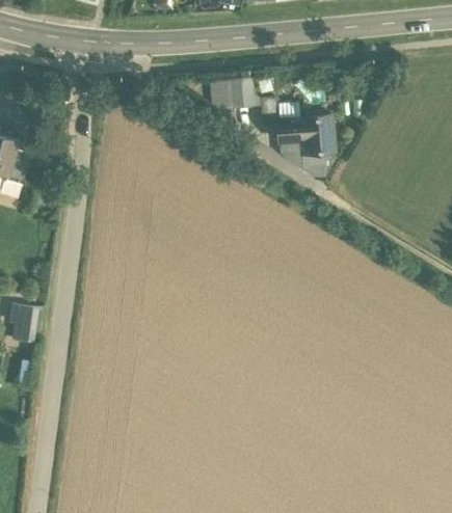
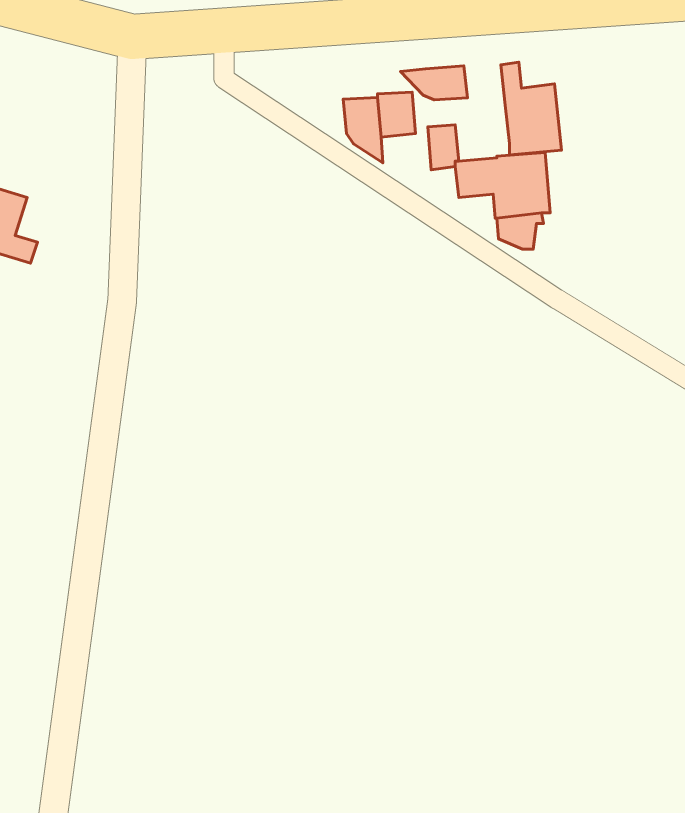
building: none -> [501,62,561,155]
building: none -> [400,66,468,100]
building: [9,305,43,340] -> none

